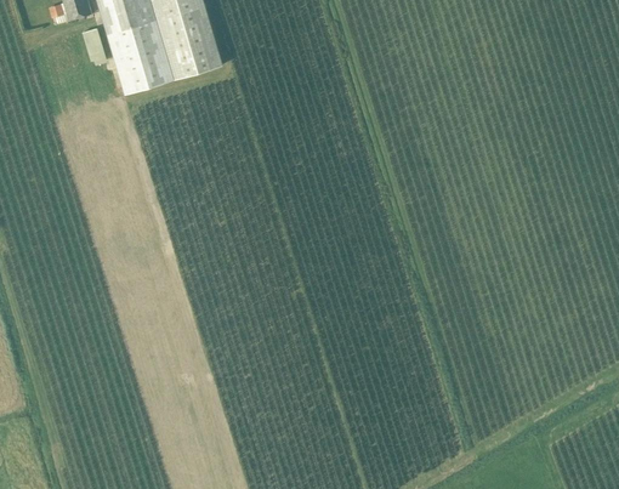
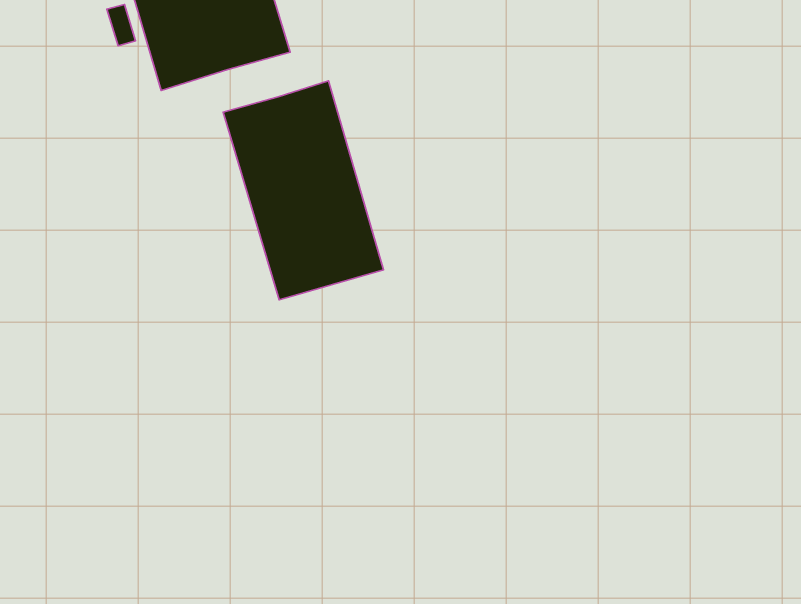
building: none -> [223,81,383,300]

